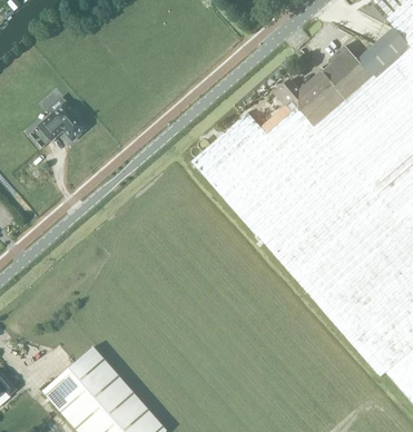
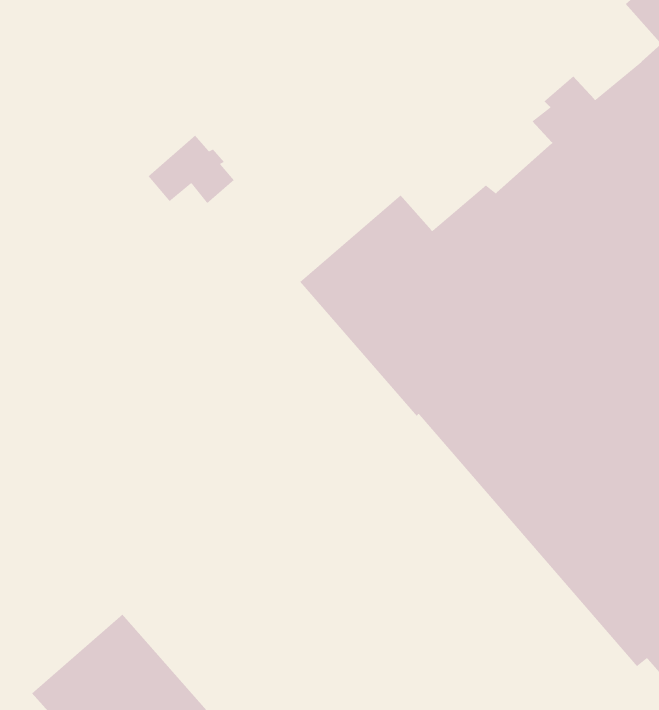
building: [275,70,333,110] -> none
building: [37,101,86,140] -> [148,135,235,204]

